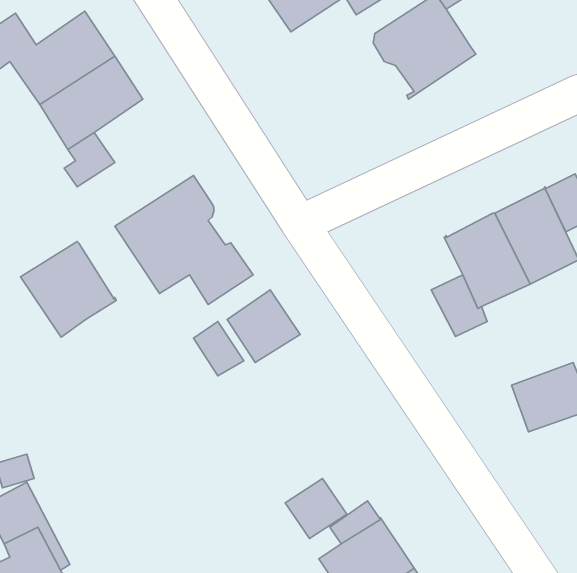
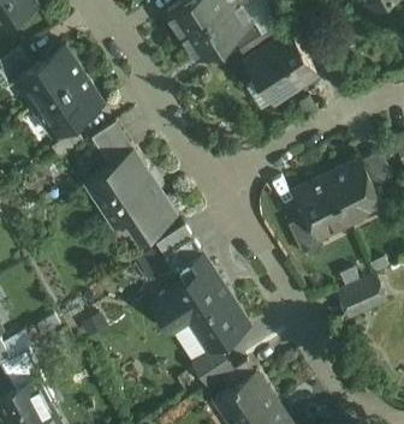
building: none -> [93,124,136,168]
building: [20,242,116,337] -> none
building: none -> [155,264,250,350]

